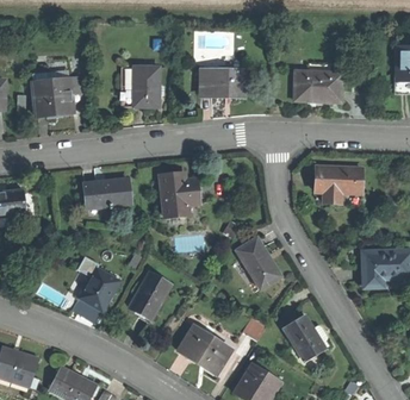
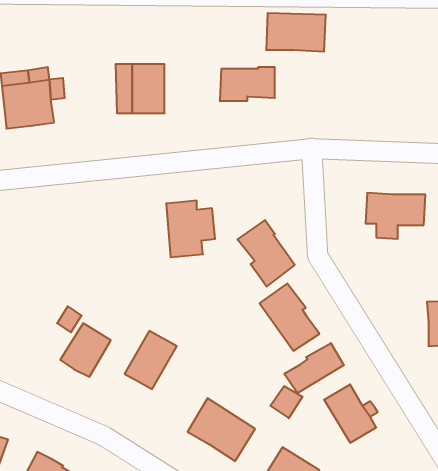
building: [296,69,342,99] -> [266,13,326,51]
building: [85,179,131,207] -> none
building: none -> [237,220,295,287]
building: none -> [284,343,344,393]

